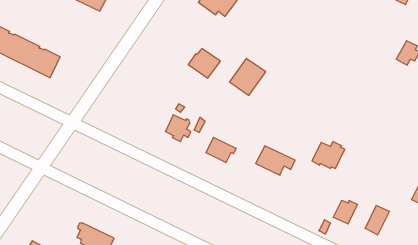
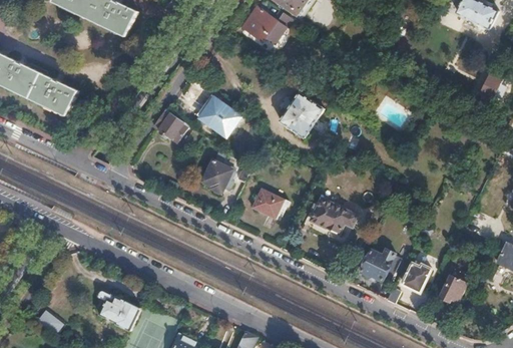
building: [188,49,220,78] -> [198,98,236,133]
building: none -> [152,109,187,142]
building: [312,142,345,168] -> [361,249,400,281]

